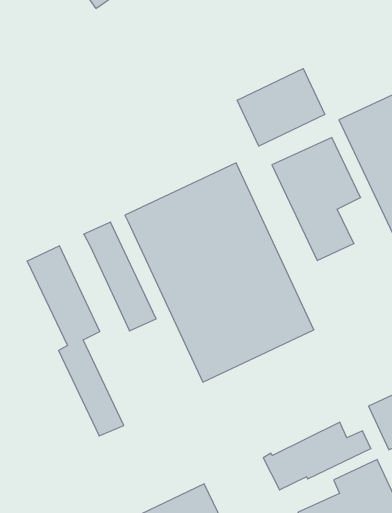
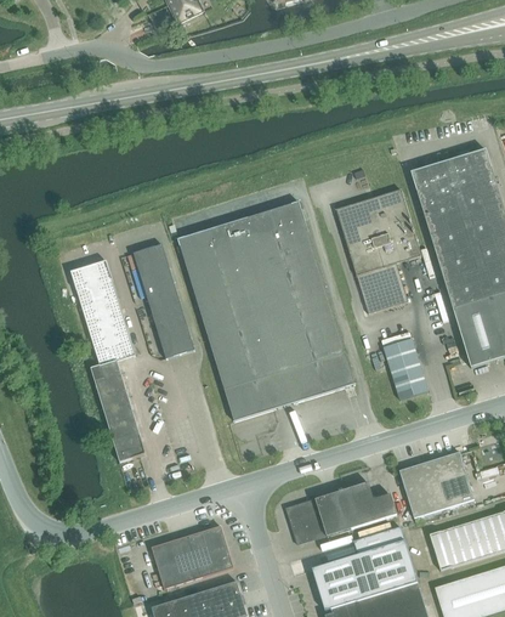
building: [237,69,325,146] -> none
building: none -> [382,339,427,400]

